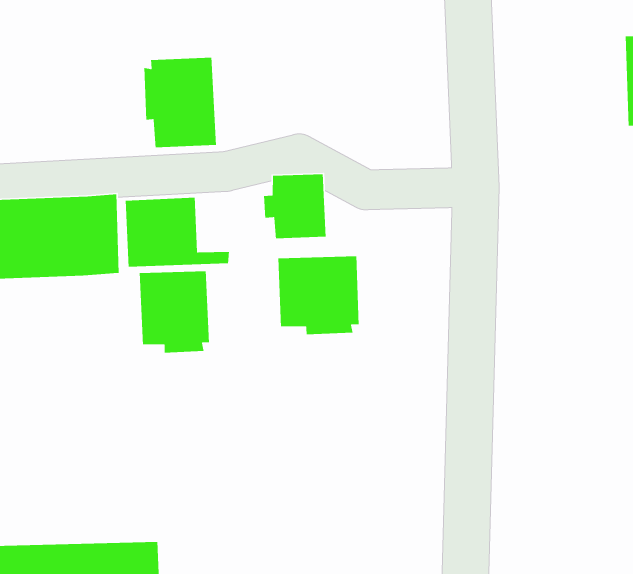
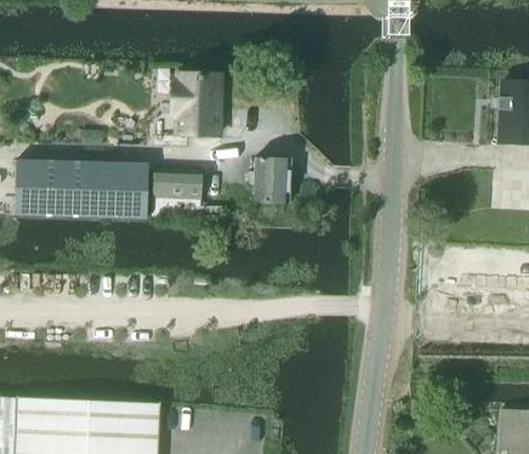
building: [278,256,360,335] -> none
building: [139,270,210,354] -> none

